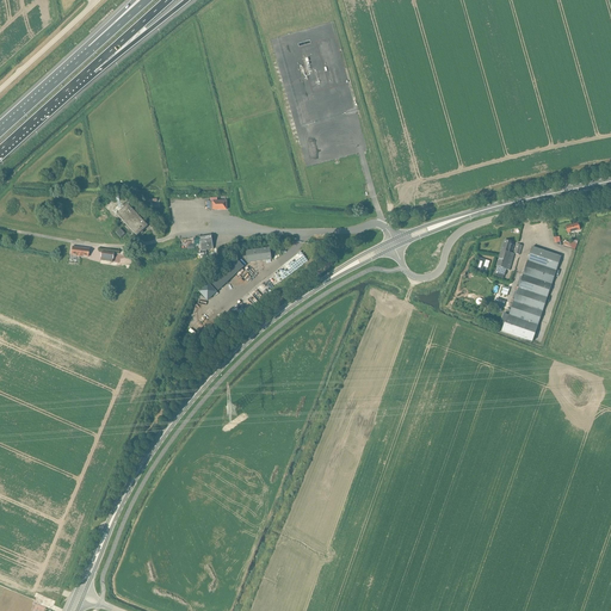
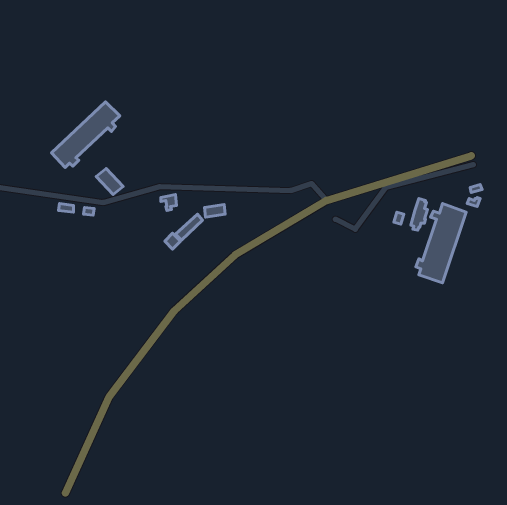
building: none -> [51,102,120,167]

